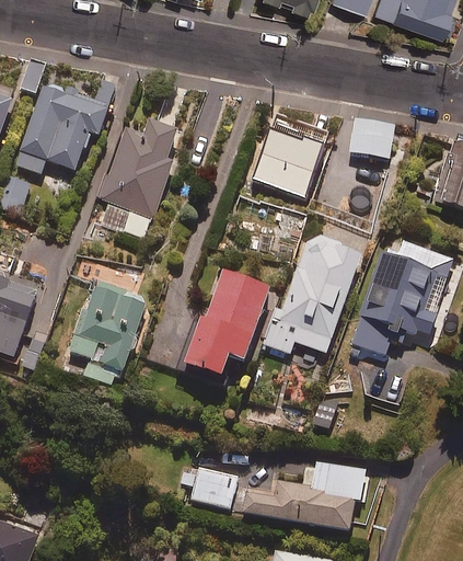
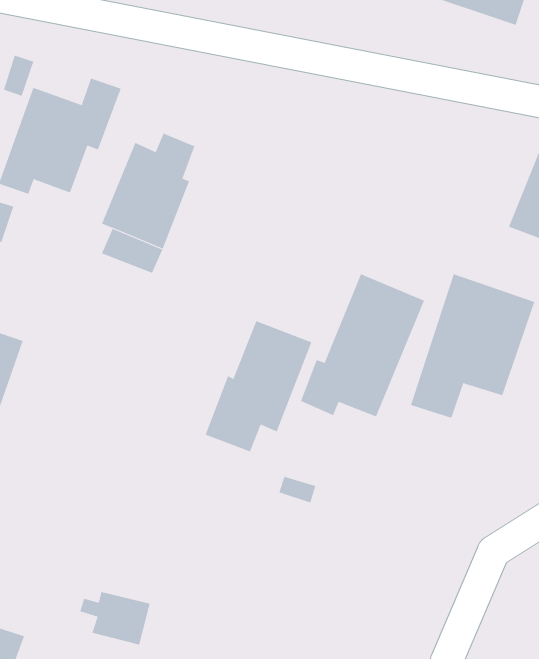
building: [349,115,393,158] -> none
building: [253,131,324,197] -> none
building: [70,282,146,386] -> none
building: [241,460,367,534] -> none
building: [180,465,238,508] -> [79,591,151,645]

